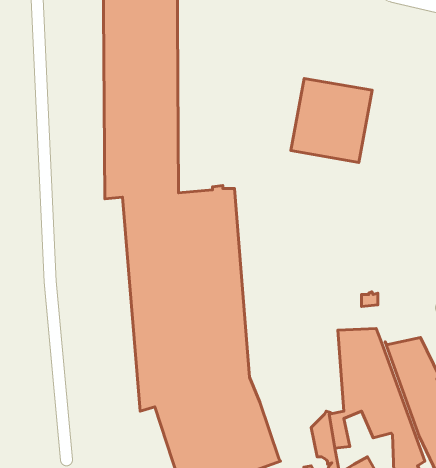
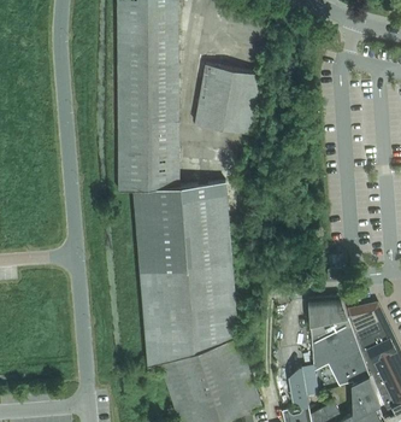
building: [291,78,372,162] -> [194,65,260,134]

